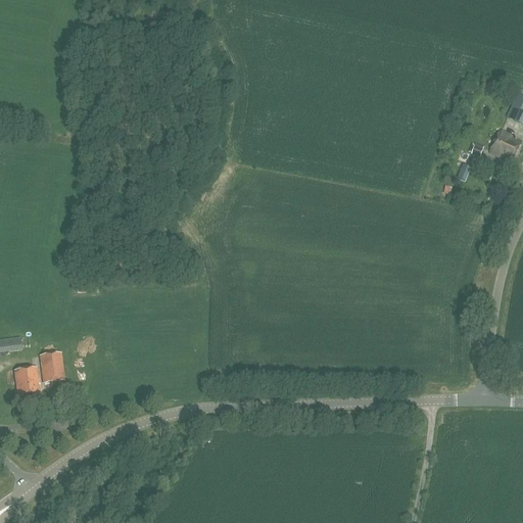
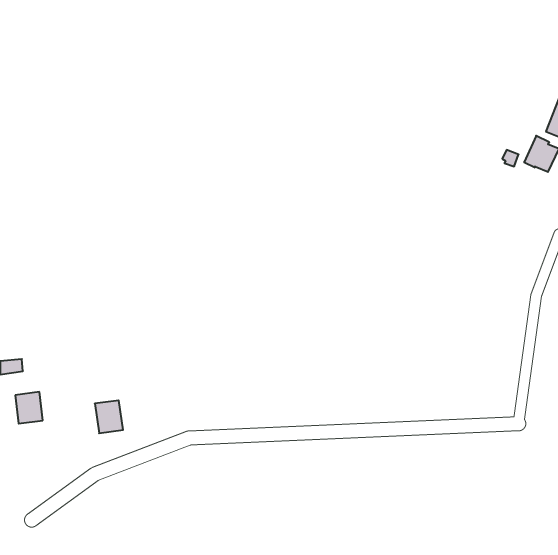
building: [40,349,66,380] -> [95,400,123,433]

